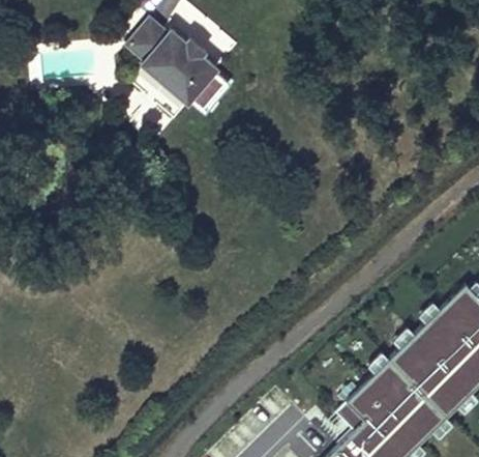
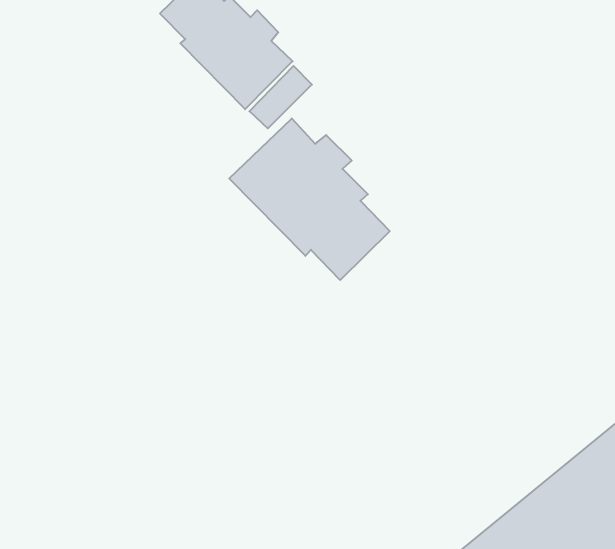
building: none -> [229,118,390,280]

